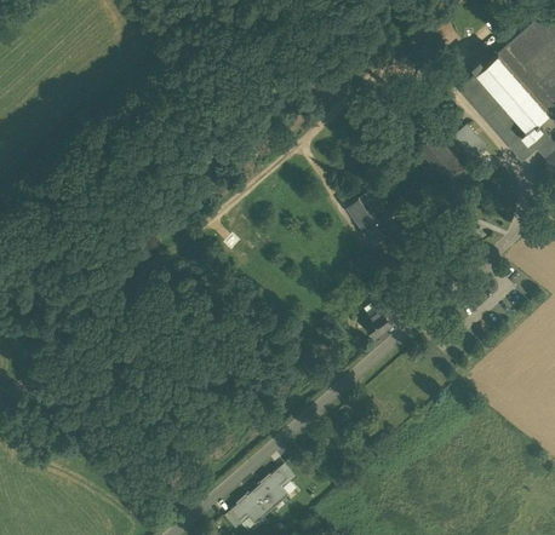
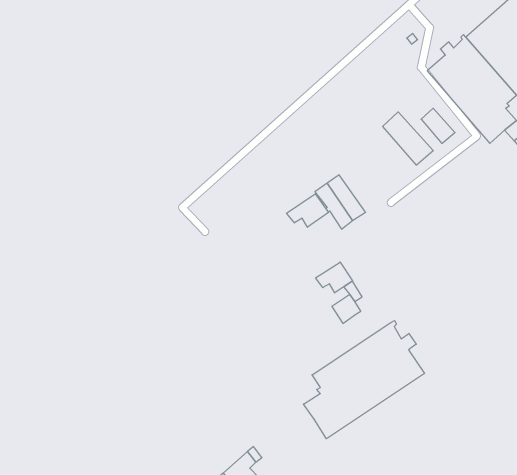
building: none -> [287,194,328,227]
building: none -> [316,262,353,293]
building: none -> [303,321,424,439]

